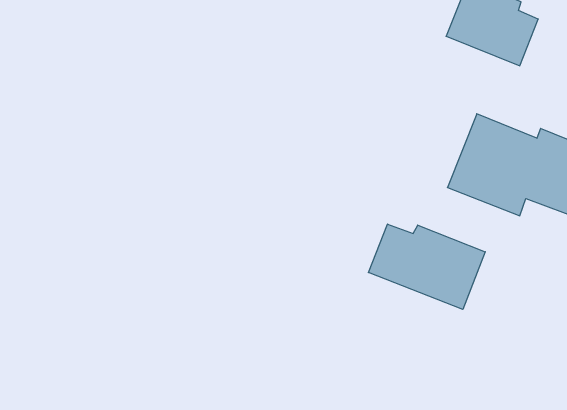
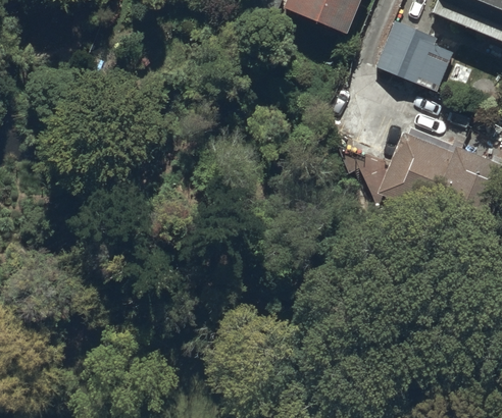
building: [368,224,485,309] -> none

